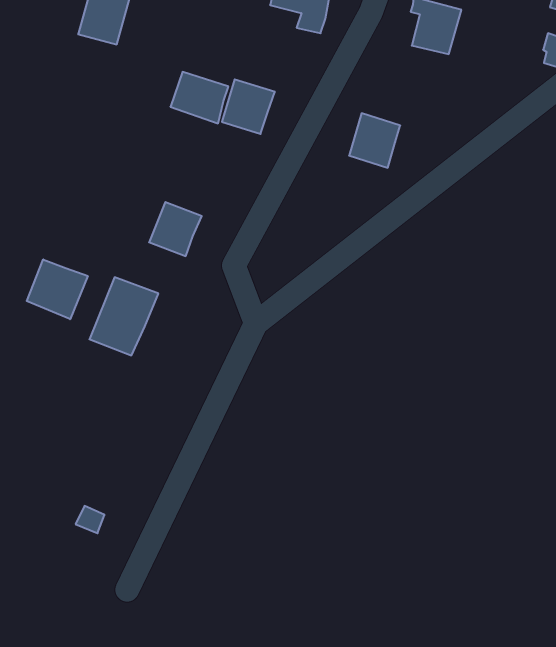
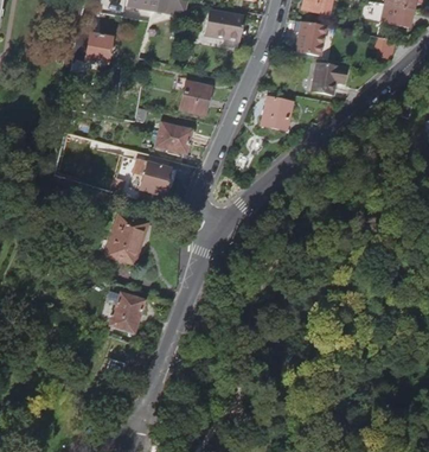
building: none -> [310,63,345,94]
building: [170,72,228,123] -> [156,122,192,153]
building: [27,259,88,319] -> none
building: none -> [110,292,146,332]

